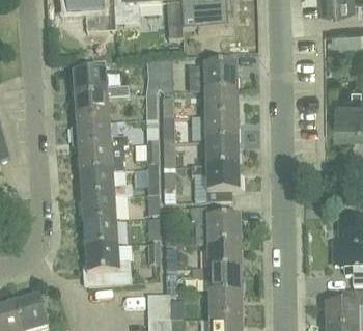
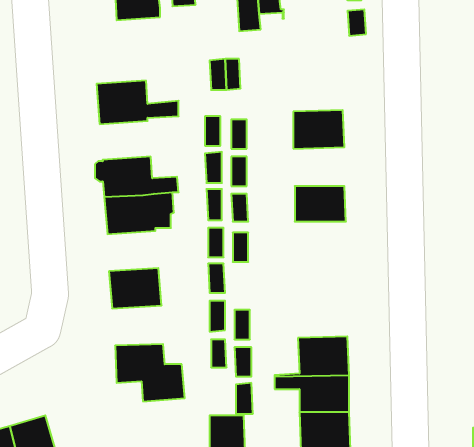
building: [203,68,238,96] -> none
building: [75,103,109,129] -> none
building: [204,120,239,146] -> none
building: [191,170,240,205] -> none
building: [80,176,131,203] -> none
building: [191,211,241,248] -> none
building: [83,226,117,253] -> none

